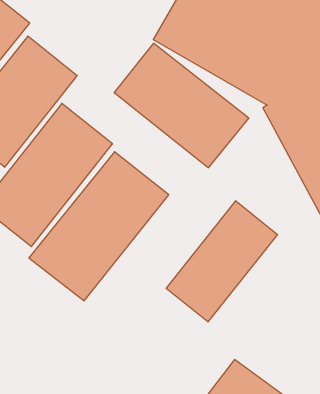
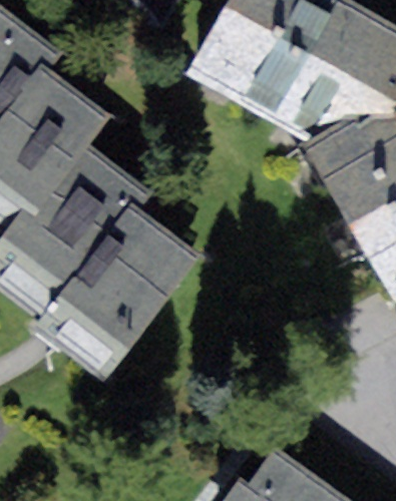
building: [114,43,249,168] -> none
building: [166,201,278,322] -> none

